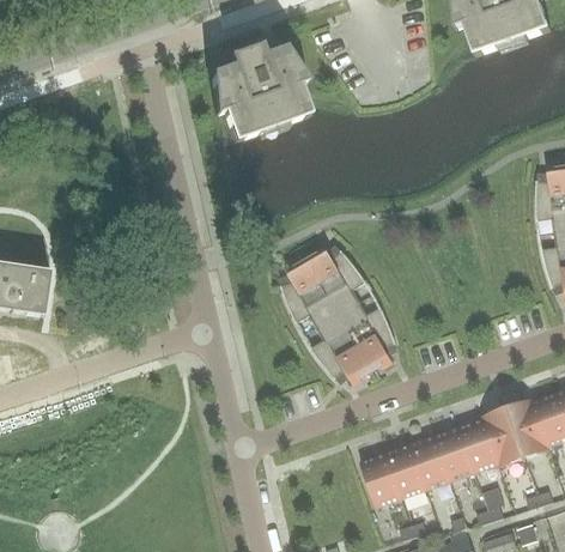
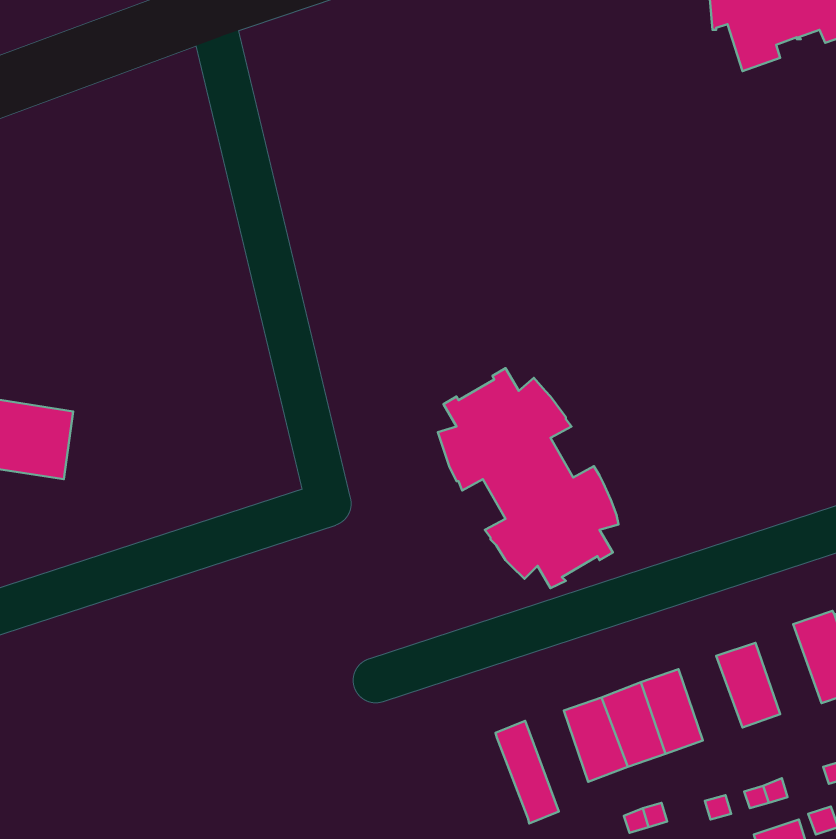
building: [212,42,311,139] -> none
building: [482,405,525,465] -> none
building: [435,425,475,479] -> none
building: none -> [495,721,559,823]

